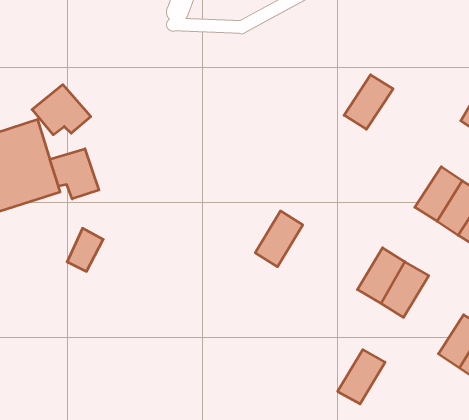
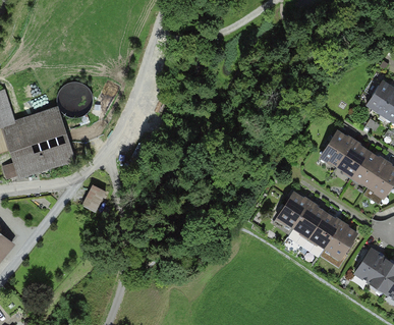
building: [344,75,393,129] -> [317,129,352,169]
building: [50,149,99,199] -> none
building: [255,211,303,267] -> [275,188,309,229]
building: [338,350,385,404] -> [325,219,359,259]

